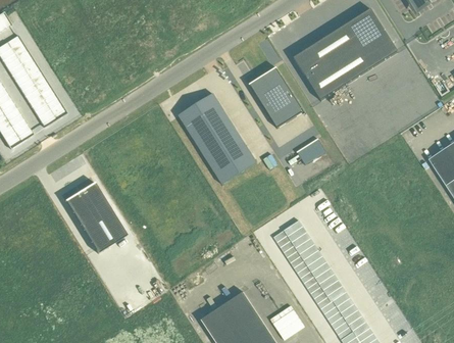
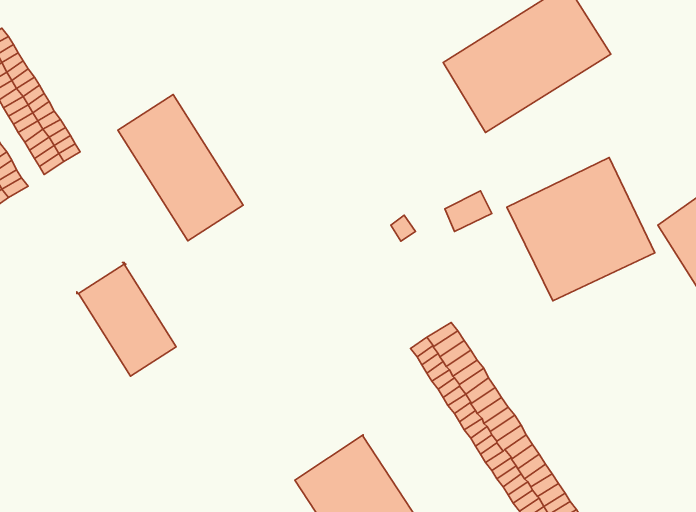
building: [249,66,303,127] -> none
building: [178,92,256,184] -> [118,94,243,241]
building: none -> [507,158,655,301]

